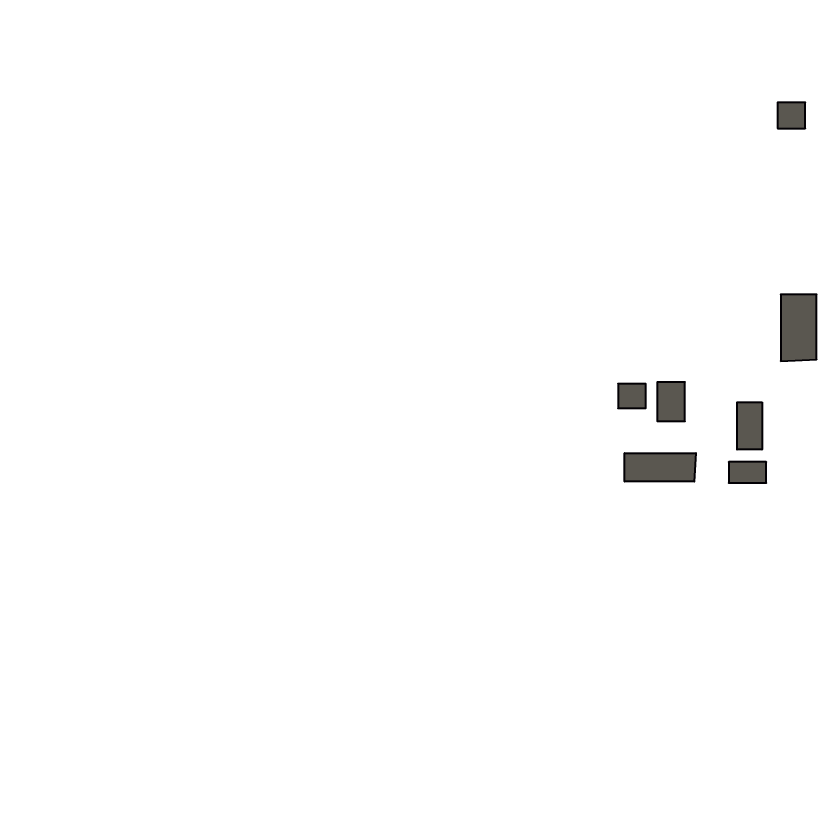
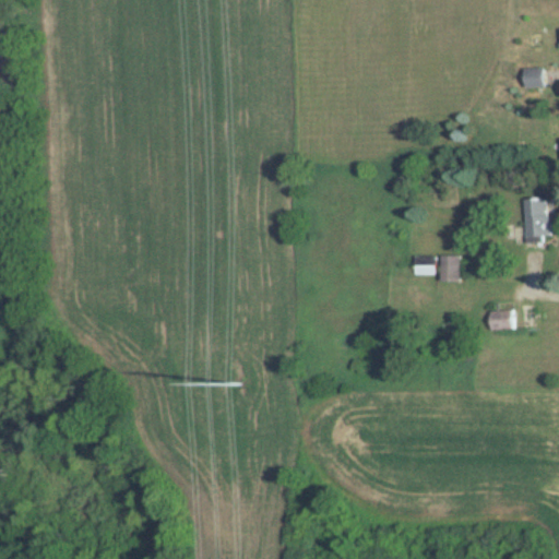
building: [737,402,762,450] -> none
building: [625,453,696,482] -> none

